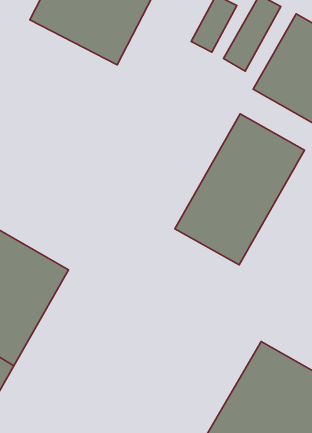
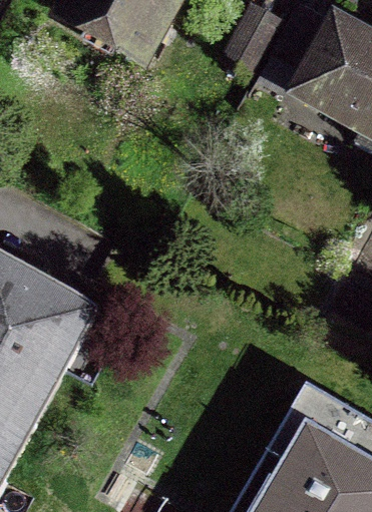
building: [175,114,305,265] -> none

